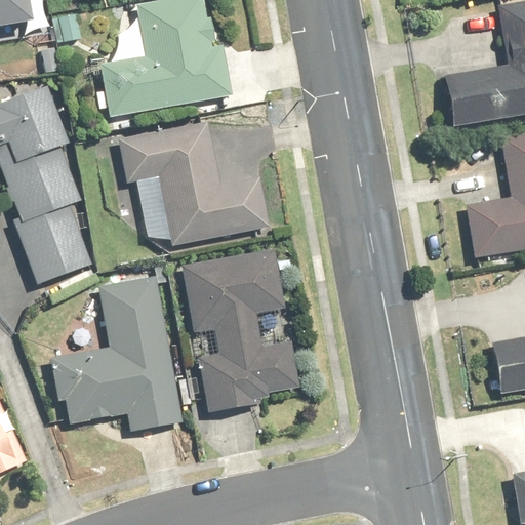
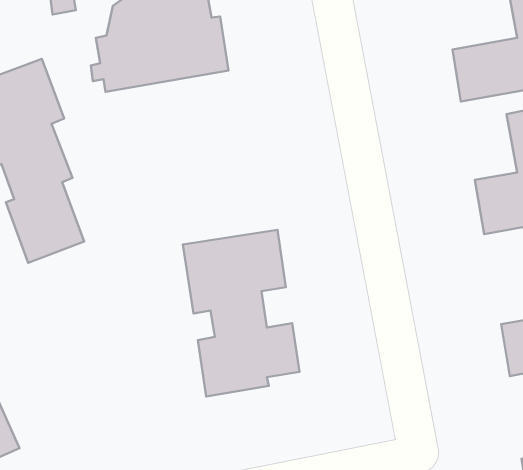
building: [119,121,269,248] -> none
building: [51,276,183,432] -> none

